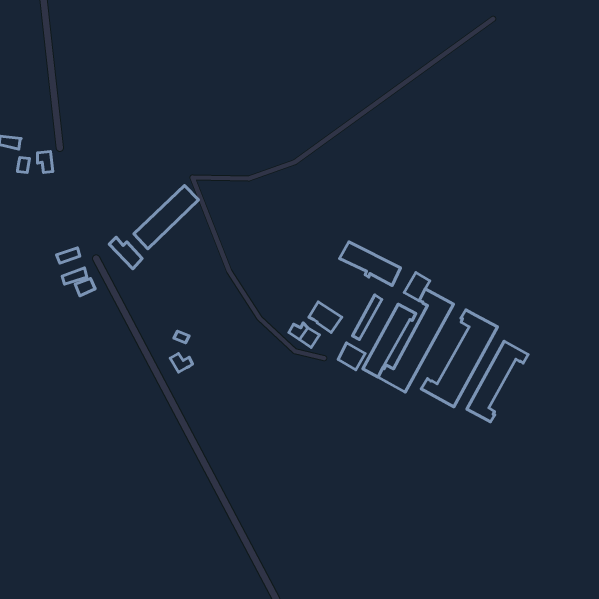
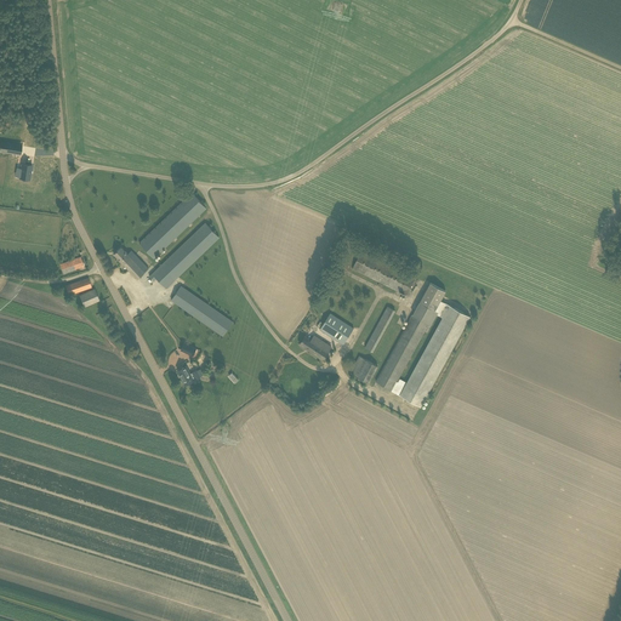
building: none -> [148,222,218,287]
building: none -> [170,285,232,335]
building: [421,310,498,407] -> none
building: [467,341,528,422] -> none

